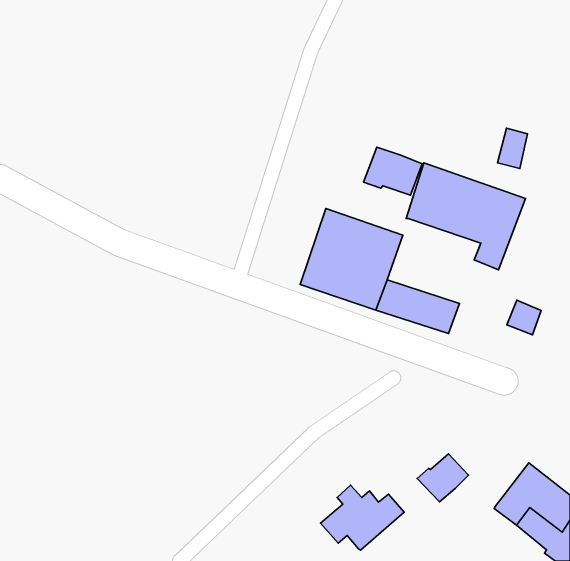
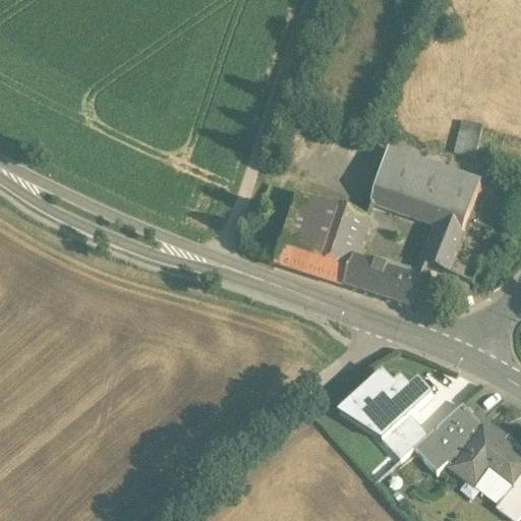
building: [364,147,422,195] -> none
building: [507,300,541,335] -> [423,237,455,269]
building: none -> [415,400,482,468]
building: [320,485,404,550] -> [356,369,432,428]

